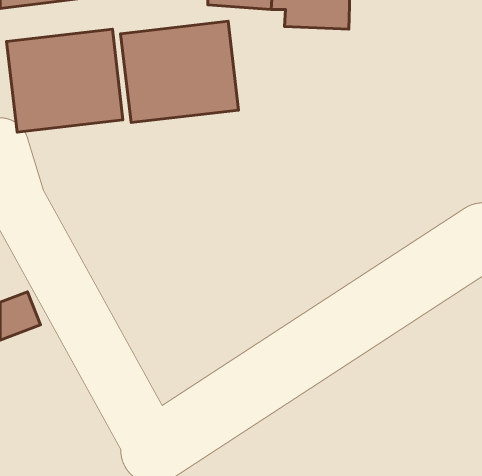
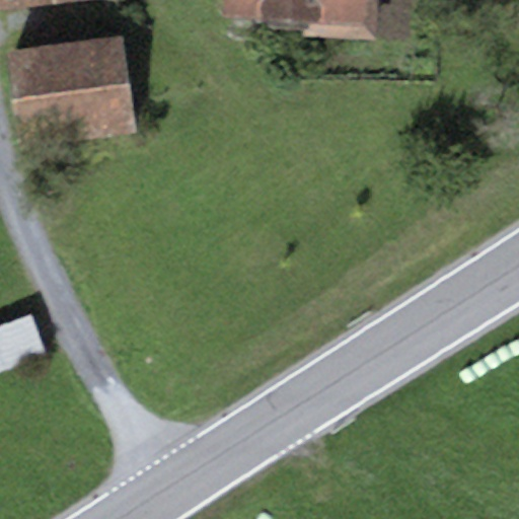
building: [121,21,239,123] -> none

